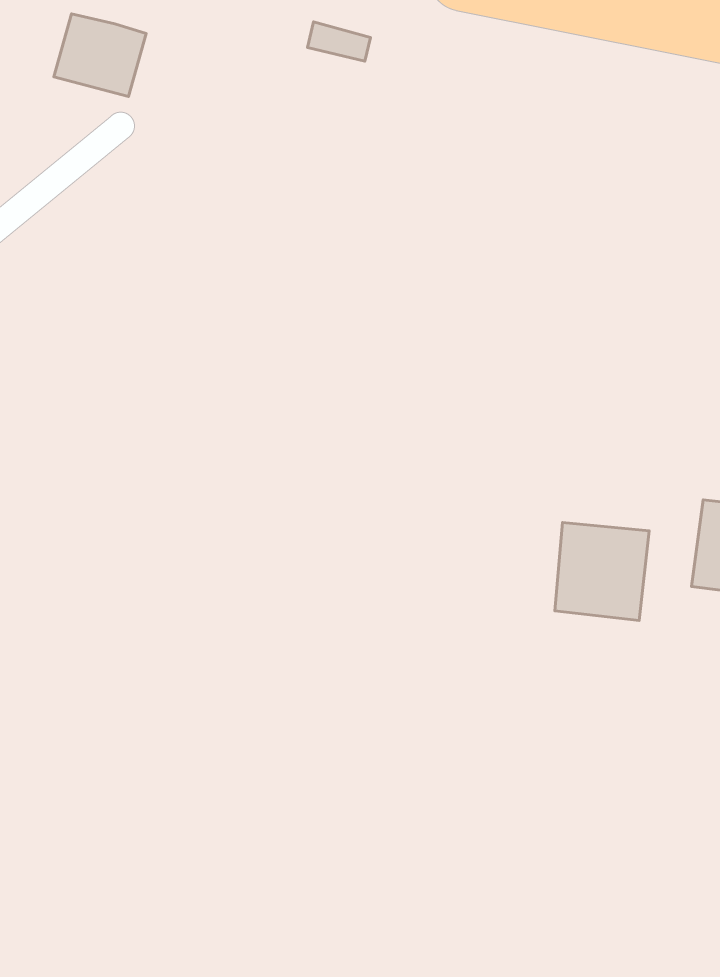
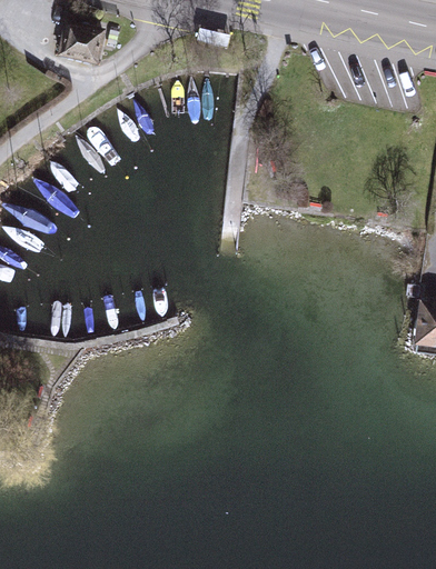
building: [555,523,649,621] -> none

